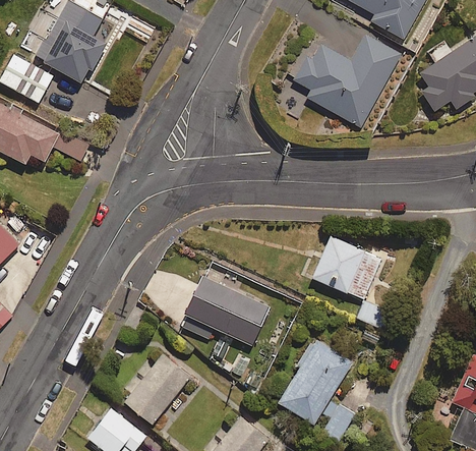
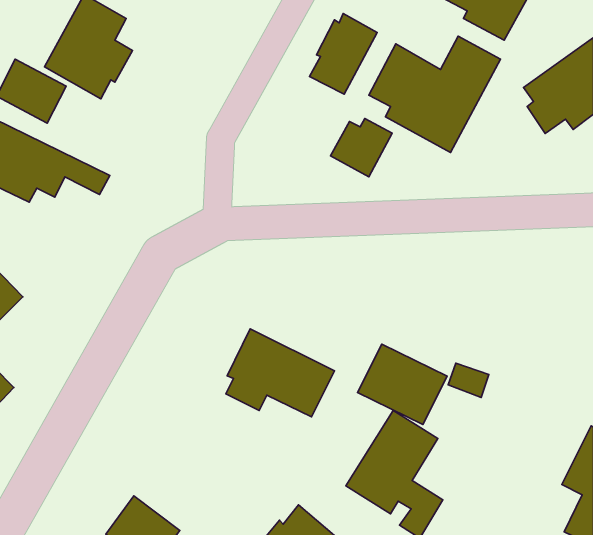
building: none -> [310,13,377,94]
building: none -> [330,119,392,177]
building: [310,233,381,297] -> [358,344,447,425]
building: [124,350,190,420] -> none

